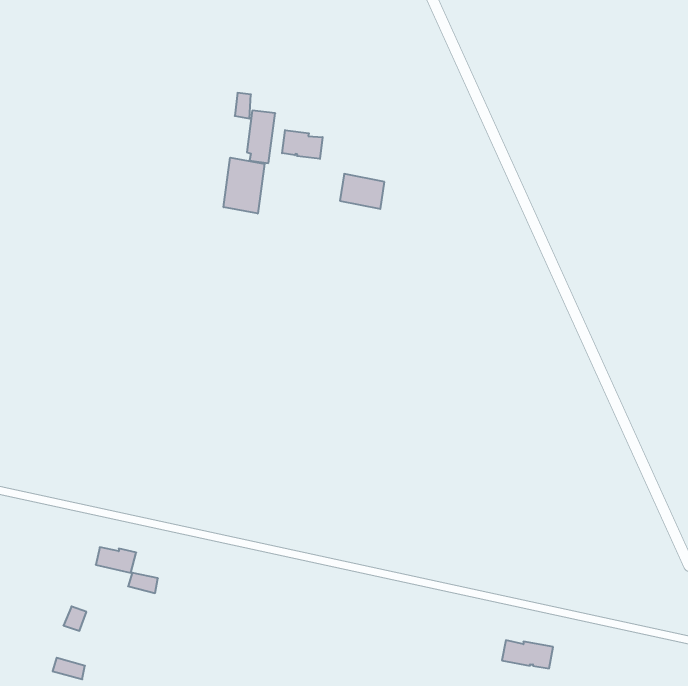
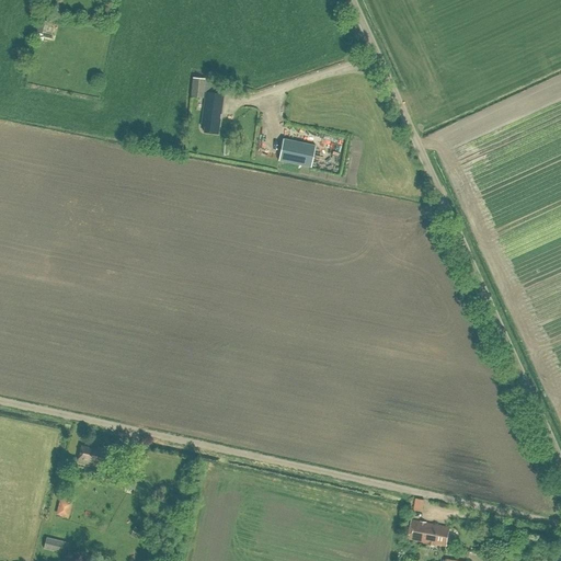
building: [282,130,323,159] -> none
building: [224,158,265,214] -> none

